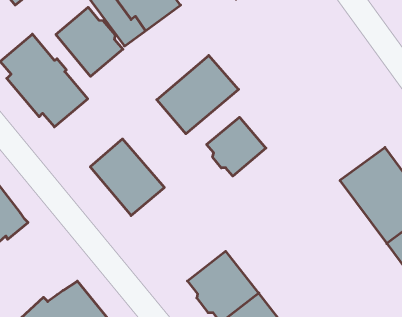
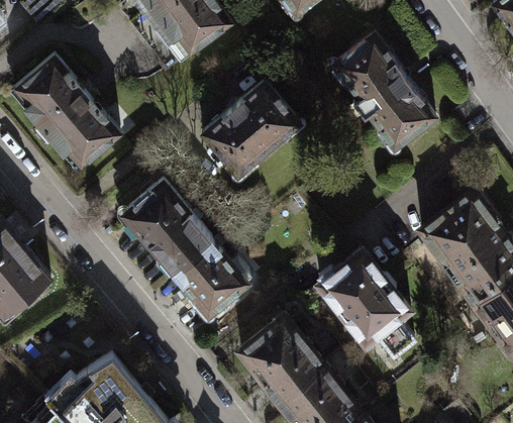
building: [56,7,123,76] -> none
building: none -> [333,34,437,149]
building: [207,117,266,176] -> none
building: none -> [173,239,248,315]
building: none -> [319,251,415,355]

